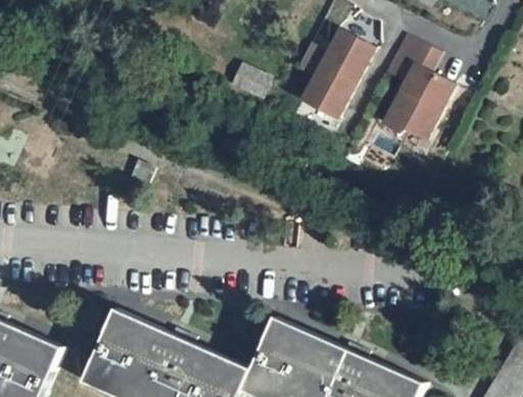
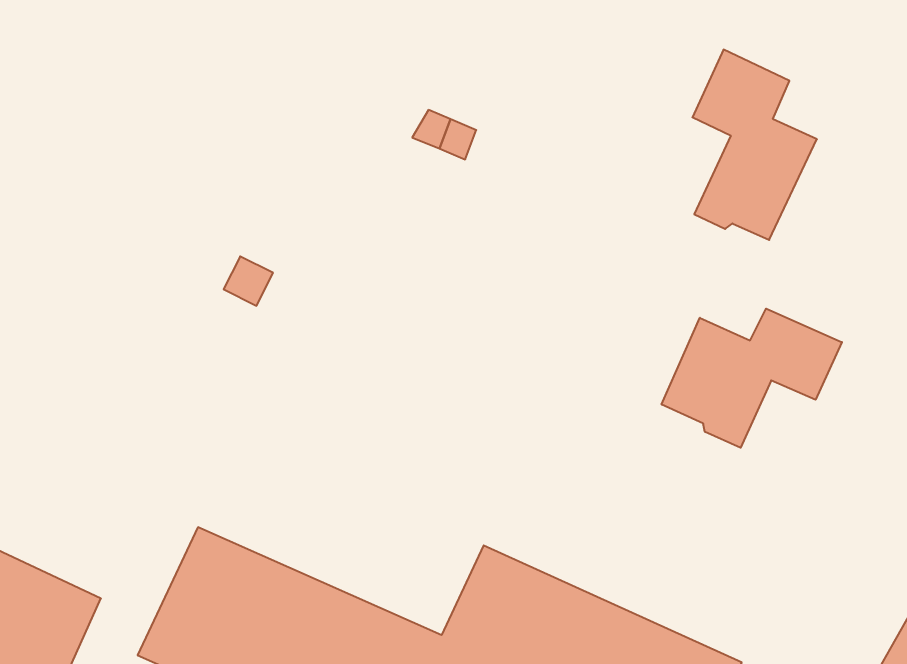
building: [299,39,376,126] -> none
building: none -> [662,309,842,448]

